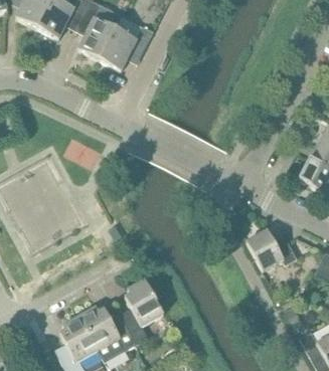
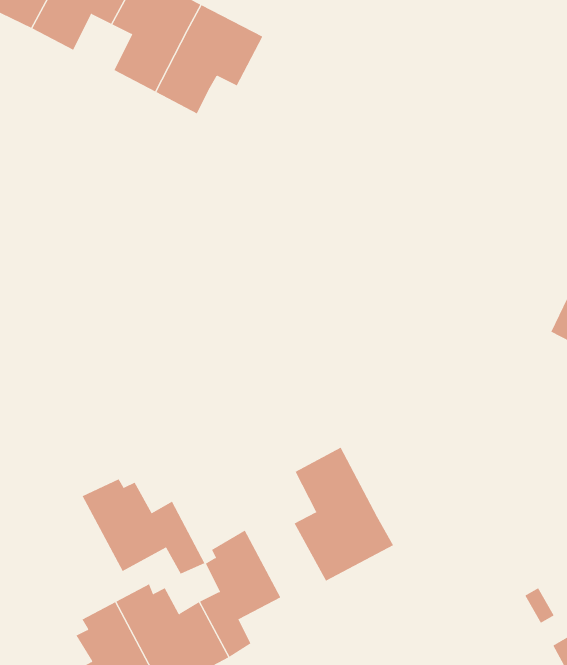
building: [246,229,298,270] -> none
building: none -> [294,447,394,581]
building: none -> [82,478,205,574]

